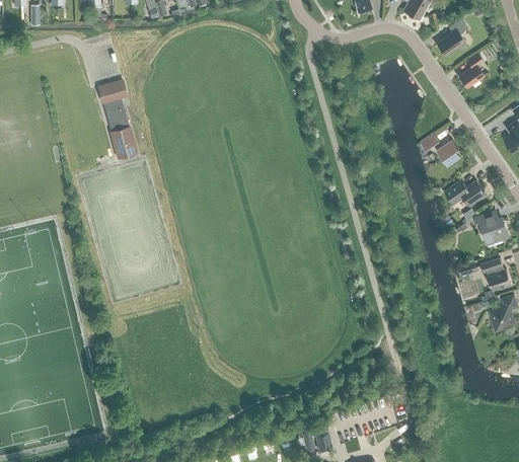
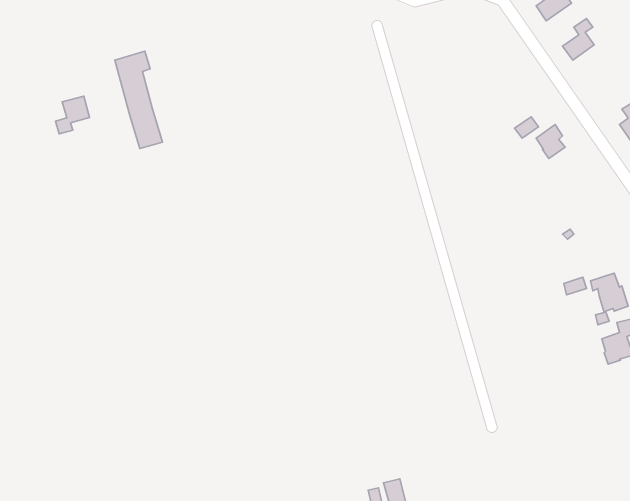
building: none -> [56,96,90,134]
building: [444,180,486,206] -> none
building: [475,213,508,245] -> none

